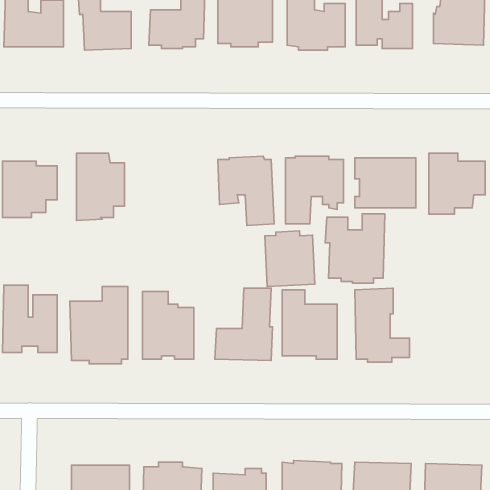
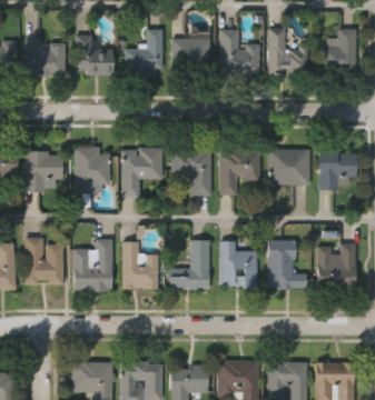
building: none -> [124,148,164,196]
building: [325,214,385,283] -> [316,242,357,290]
building: [265,231,315,287] -> none

